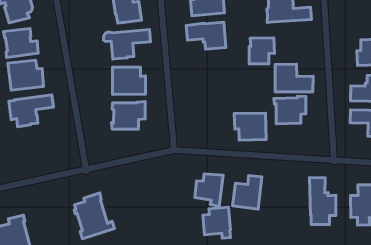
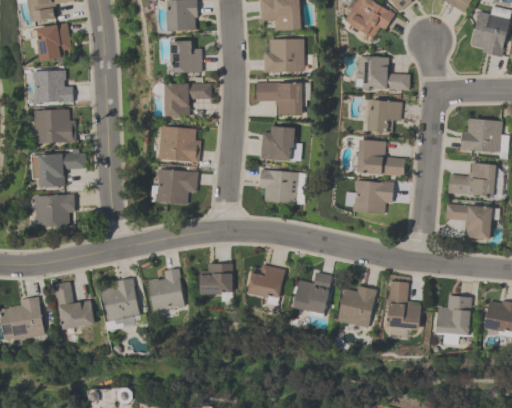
building: [249,38,274,64] -> [368,100,401,133]
building: none -> [260,126,294,161]
building: [234,113,266,140] -> [260,169,299,204]
building: none -> [35,193,75,227]
building: none -> [148,268,183,310]
building: none -> [337,286,376,328]
building: none -> [54,282,94,330]
building: [203,207,231,238] -> [200,264,232,301]

